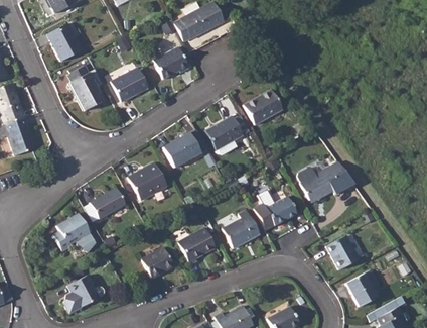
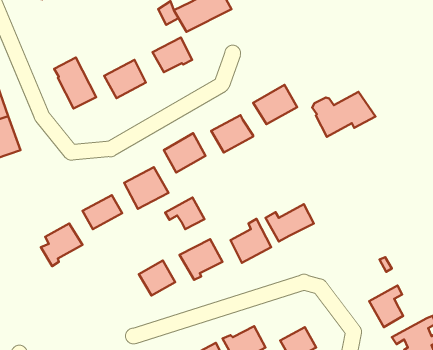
building: [47,22,82,61] -> none
building: [299,161,355,202] -> [312,92,376,137]
building: none -> [165,197,204,229]
building: [327,235,360,269] -> none
building: [66,275,106,313] -> none

